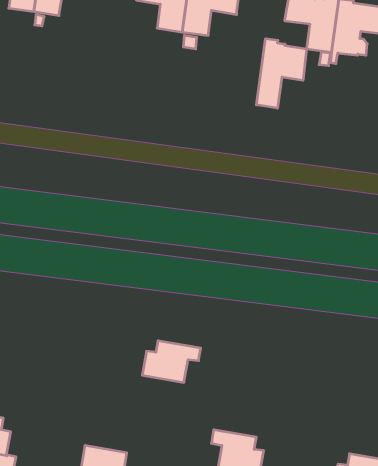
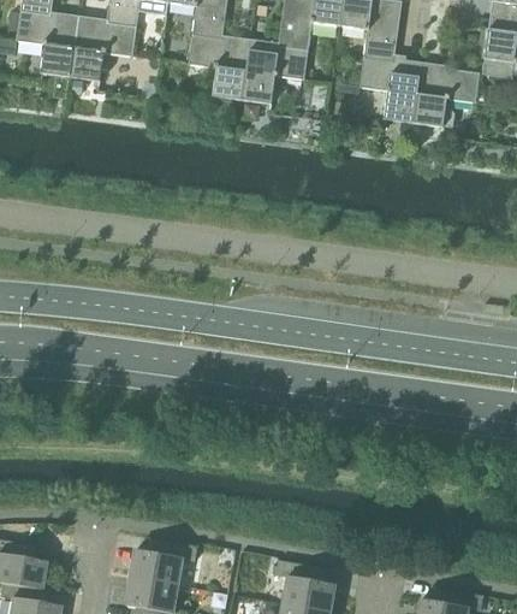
building: [256,39,307,108] -> none
building: [142,341,201,382] -> [129,538,196,586]

